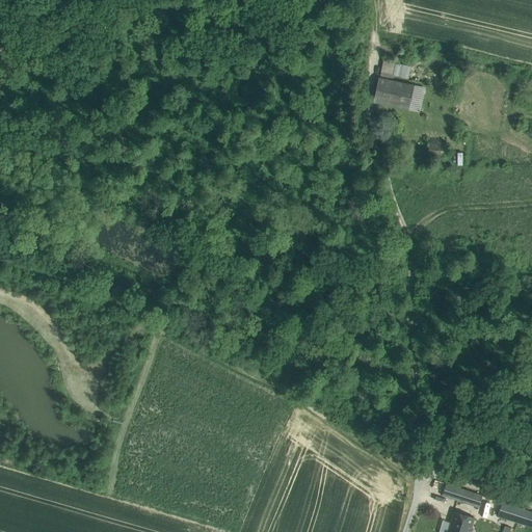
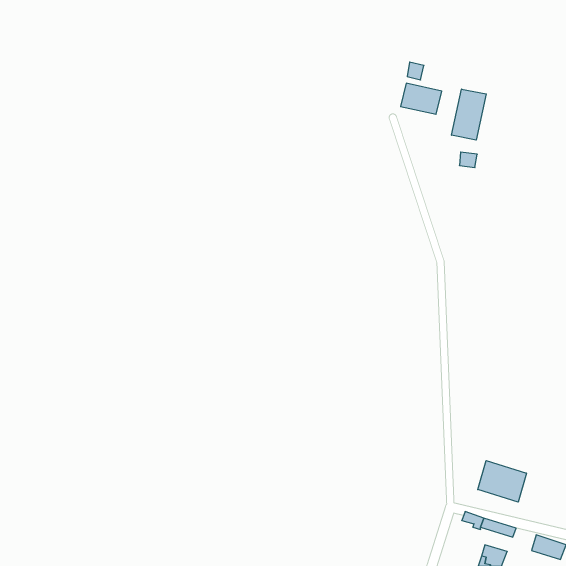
building: none -> [452,89,486,140]
building: none -> [478,461,526,502]

